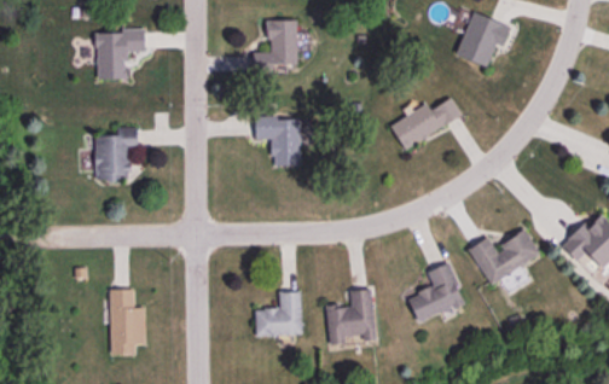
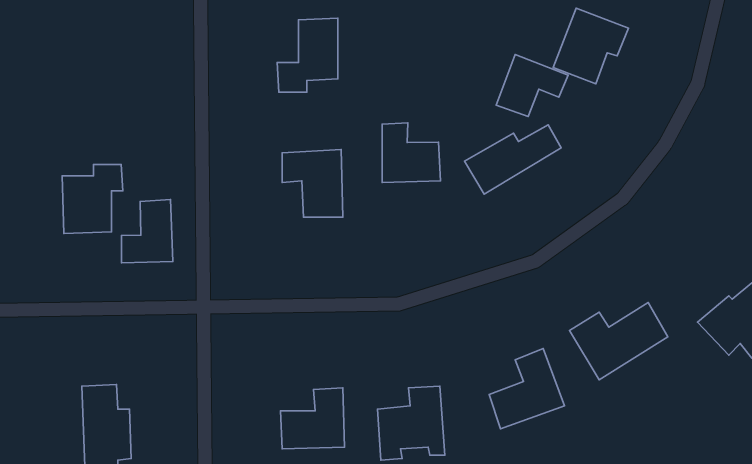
building: [95,30,145,80] -> none
building: none -> [496,54,568,116]
building: none -> [382,123,440,182]
building: none -> [121,199,173,263]

